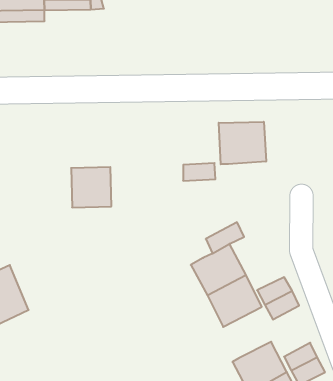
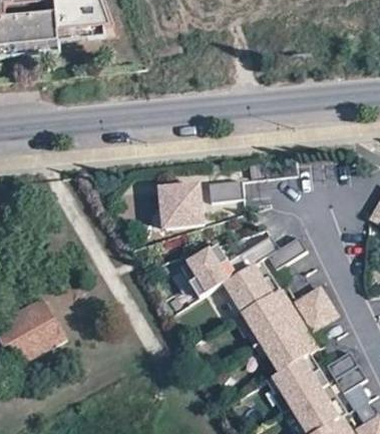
building: [219,122,266,164] -> none
building: [71,167,111,207] -> [157,184,201,228]
building: none -> [178,245,234,298]
building: none -> [259,319,315,372]

